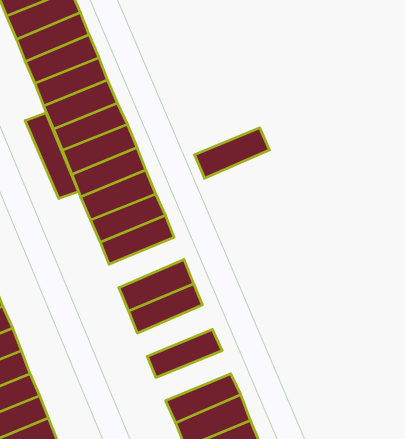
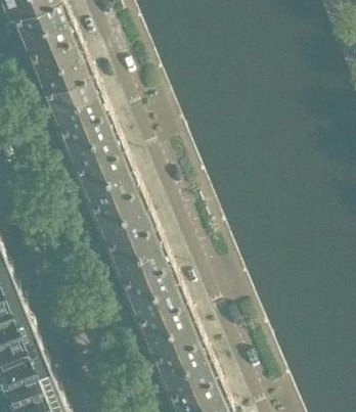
building: [25,113,79,199] -> none
building: [194,128,270,178] -> [100,223,163,265]
building: none -> [124,279,186,322]
building: none -> [139,317,202,359]

